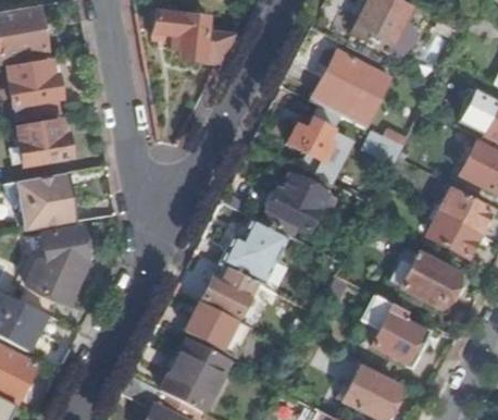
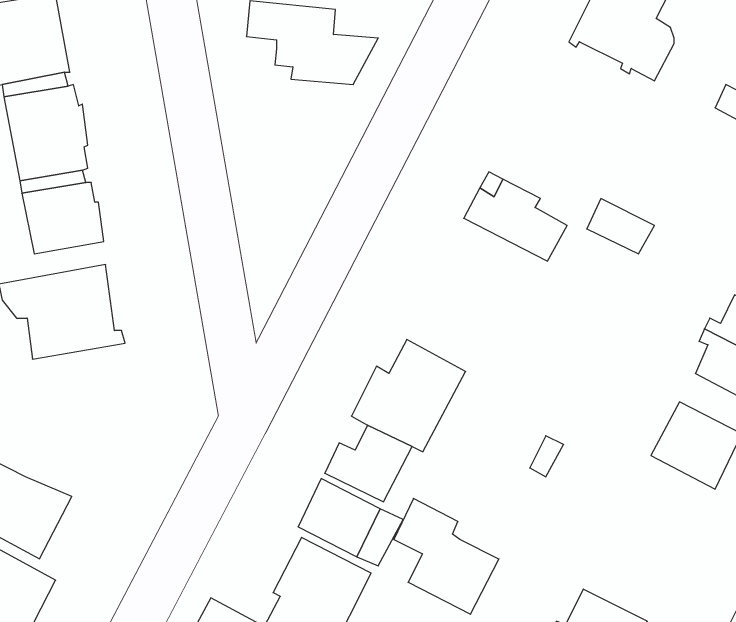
building: [312,50,391,127] -> none
building: [265,175,327,230] -> none
building: [21,225,88,316] -> none
building: [364,295,428,366] -> [394,498,499,614]

